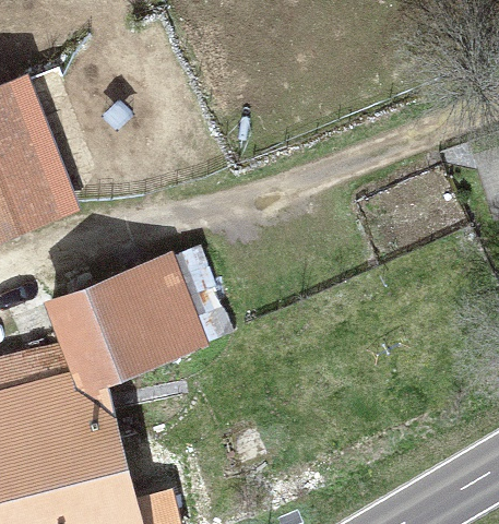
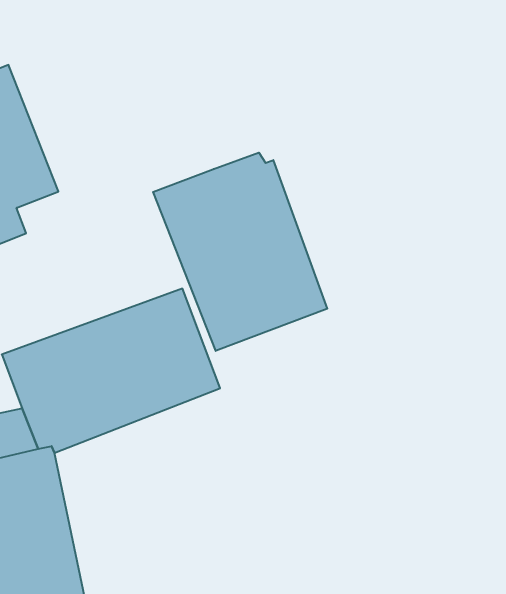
building: none -> [153,153,327,351]

